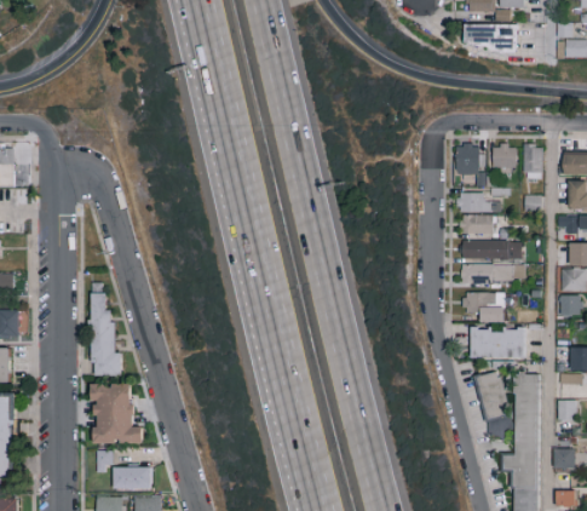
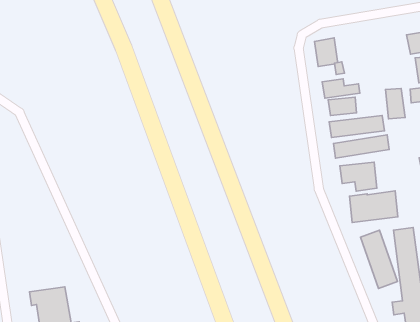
building: [523,144,542,179] -> [385,88,405,119]
building: [491,145,516,167] -> none
building: [91,282,121,377] -> none

